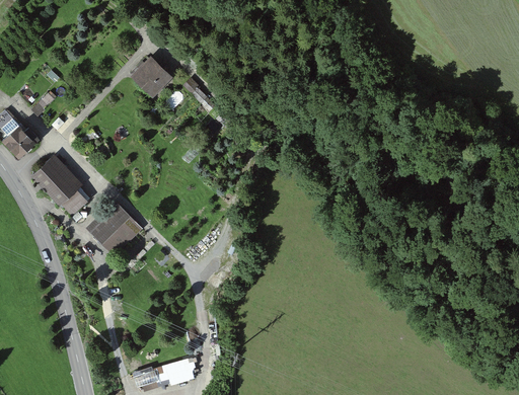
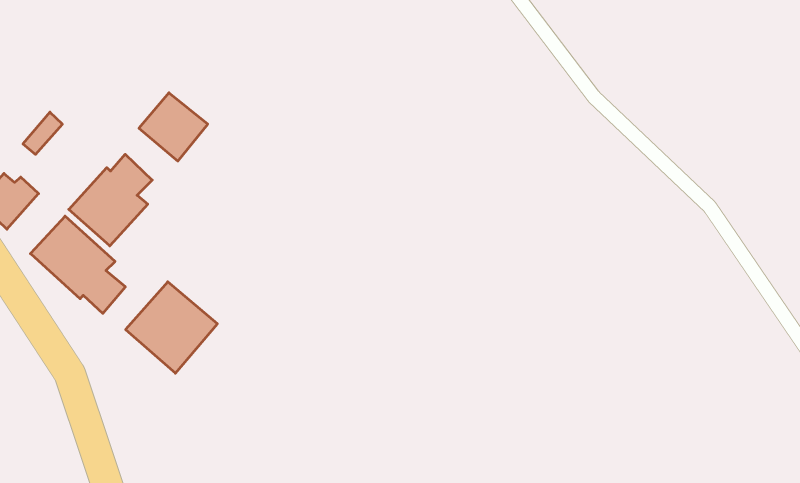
building: [130,56,172,98] -> [139,93,208,161]
building: none -> [69,154,152,246]

